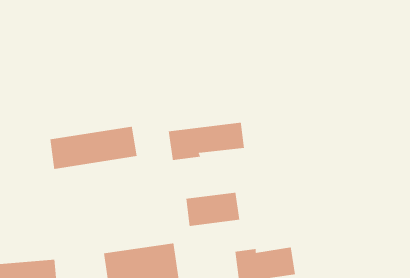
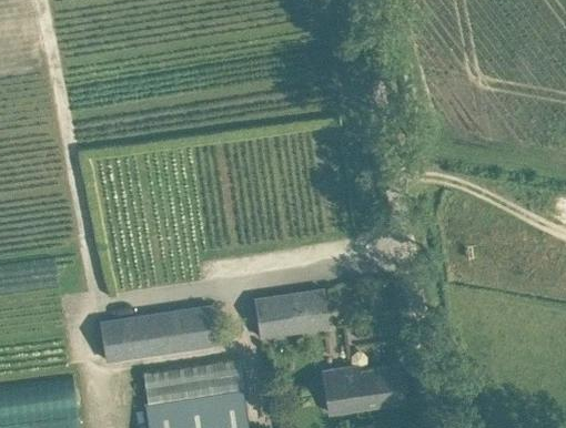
building: [168,122,245,161] -> none
building: [49,126,138,169] -> [99,305,219,364]

